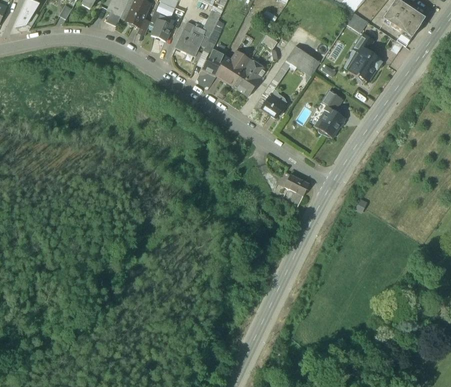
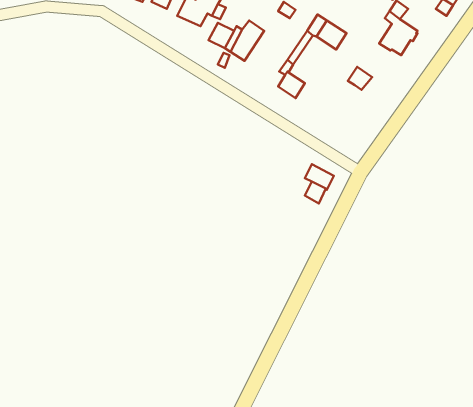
building: [232,59,265,96] -> none
building: [314,106,344,137] -> none

